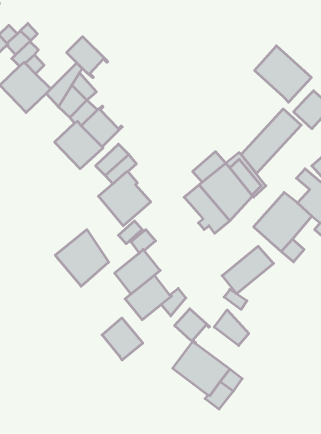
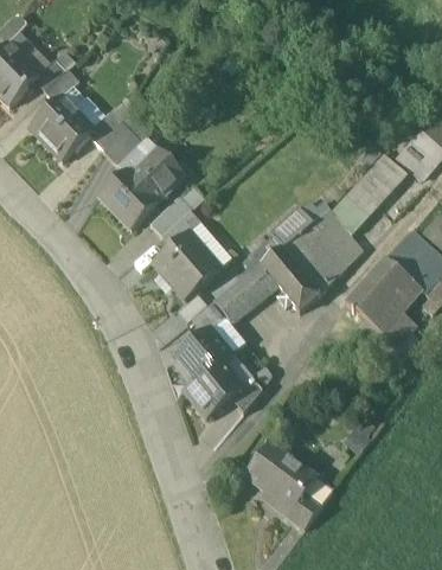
building: [67,37,108,78] -> none
building: [255,46,311,102] -> none
building: [55,230,109,286] -> none
building: [222,246,274,294] -> [216,263,280,322]
building: [175,309,210,343] -> none
building: [214,310,249,346] -> none
building: [102,318,143,360] -> none

